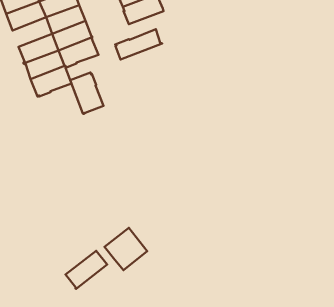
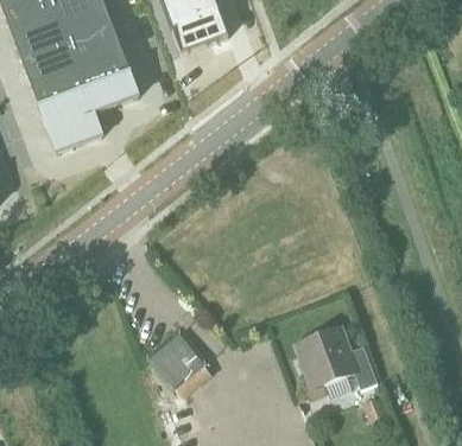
building: none -> [21,42,76,82]
building: [115,29,162,60] -> none
building: [70,72,103,114] -> none
building: none -> [298,323,378,397]
building: [66,251,107,289] -> none

